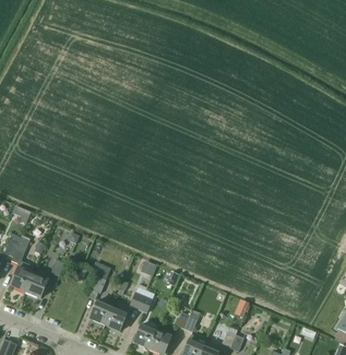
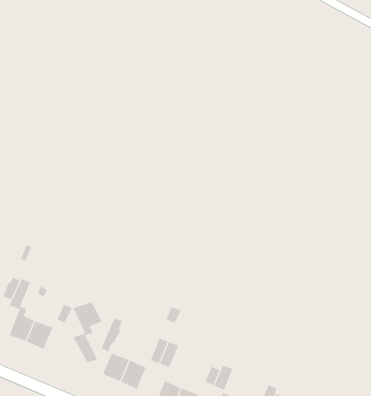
building: none -> [72,301,102,363]

